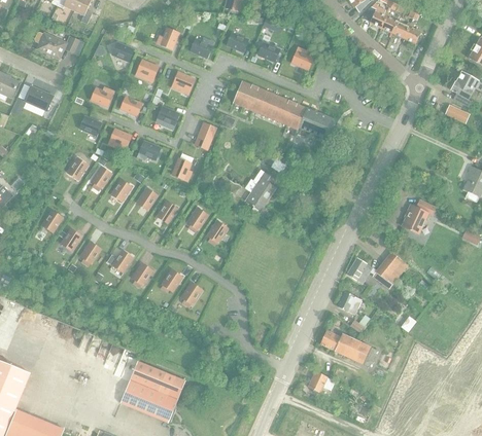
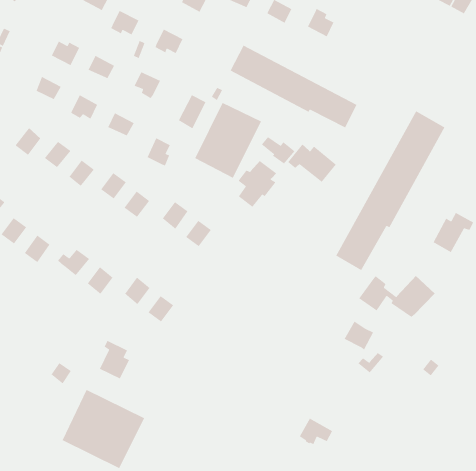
building: none -> [335,110,445,271]
building: none -> [194,102,262,179]
building: none -> [287,144,337,183]
building: none -> [99,340,130,379]
building: [319,330,376,367] -> none

